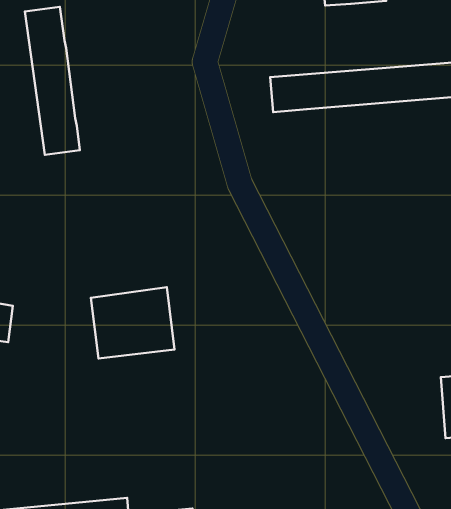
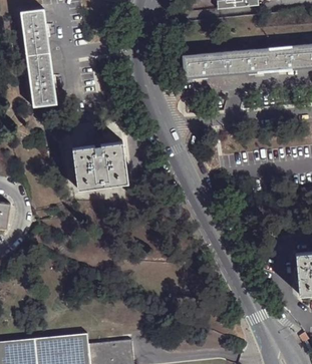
building: [91,287,175,359] -> [72,141,127,189]

